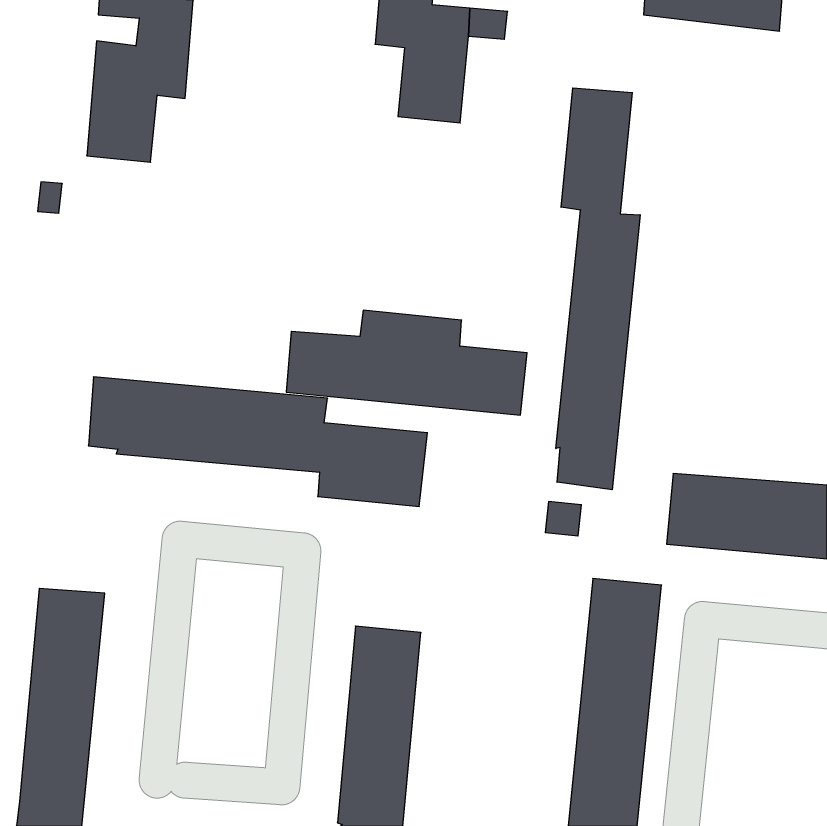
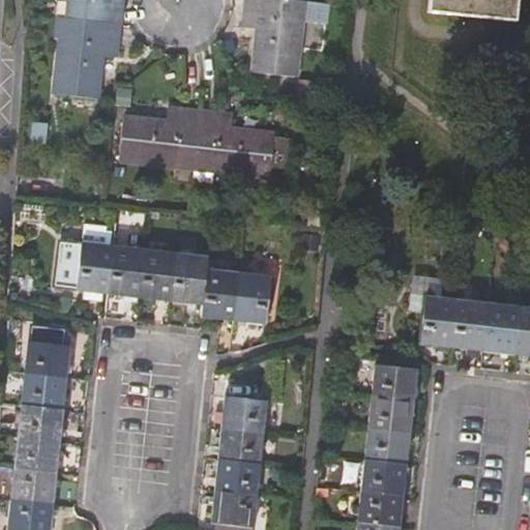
building: [556,88,640,490] -> none
building: [286,310,527,415] -> [119,109,271,175]
building: none -> [25,326,69,375]

